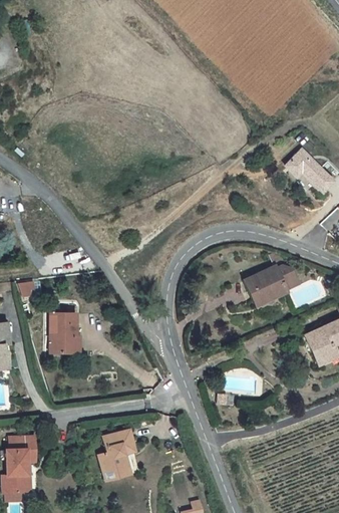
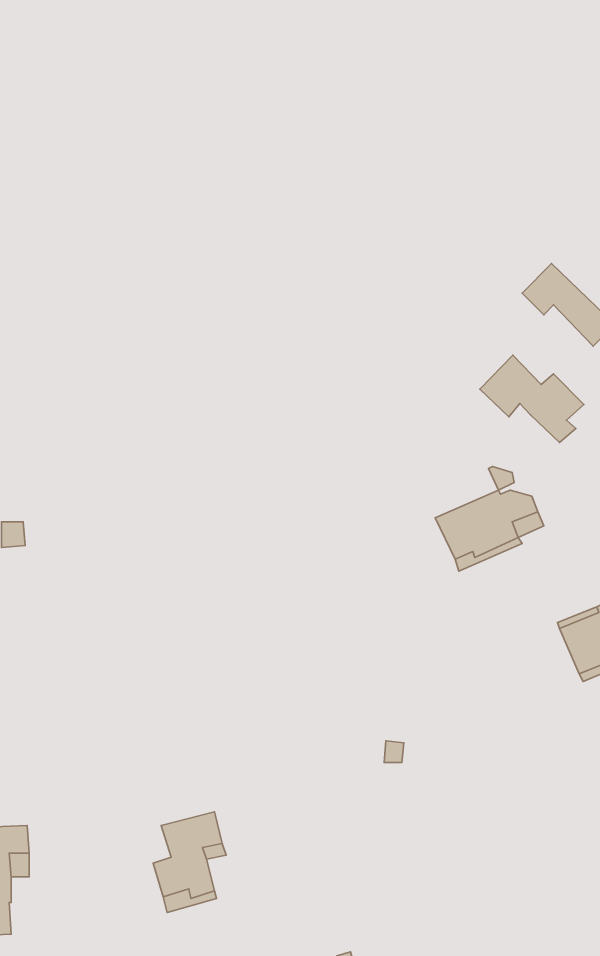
building: none -> [480,355,584,442]
building: [50,312,76,353] -> none

